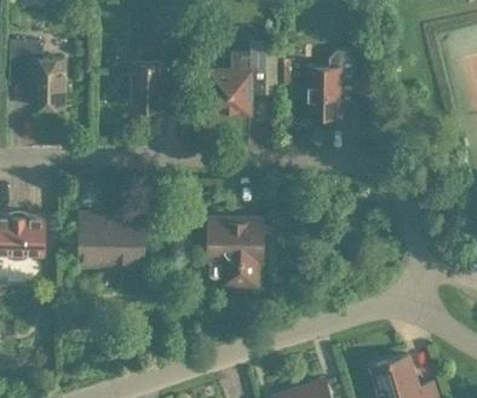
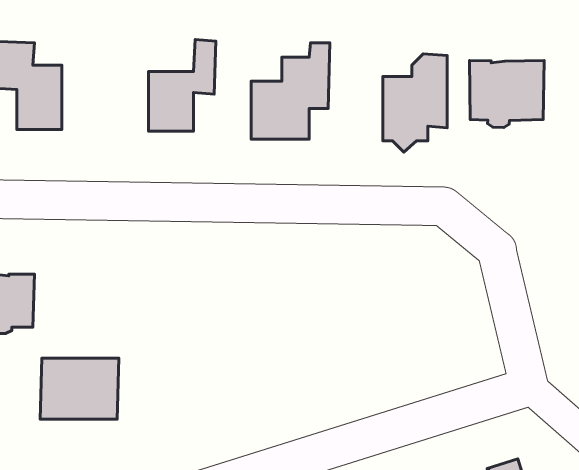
building: none -> [470,60,544,128]
building: [207,217,265,289] -> none
building: [82,218,142,264] -> [40,358,119,419]

